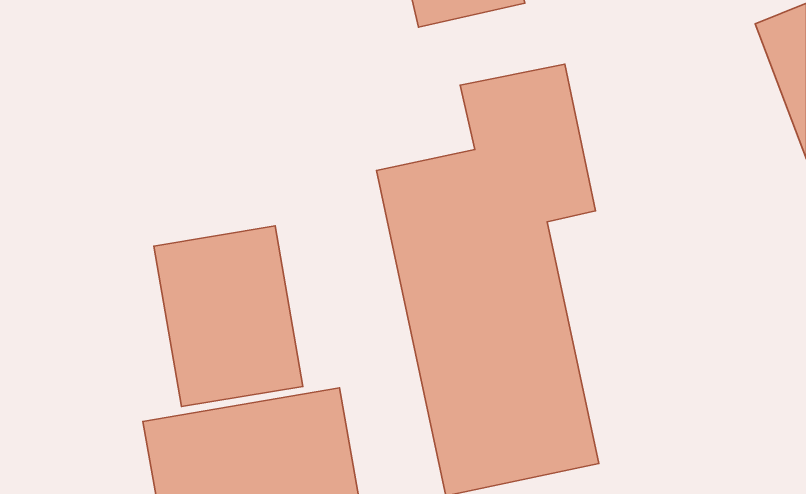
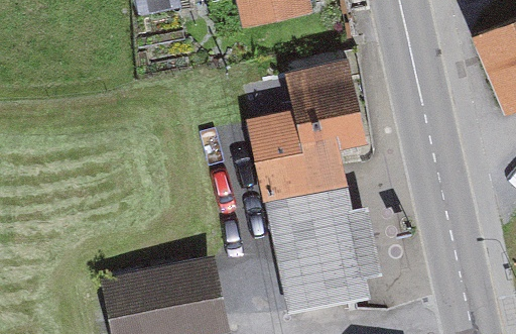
building: [154,226,303,407] -> none

